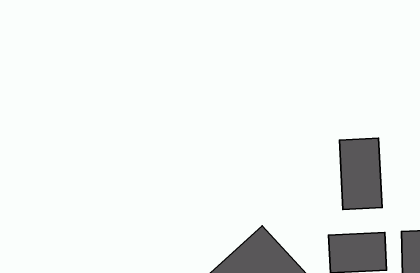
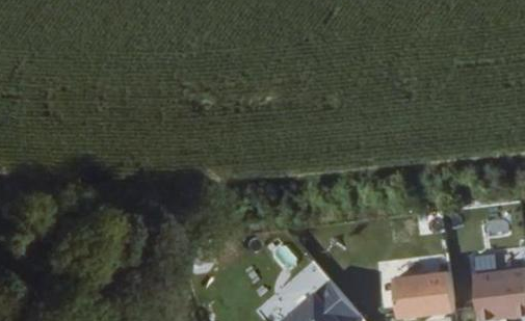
building: [339,138,382,210] -> none

